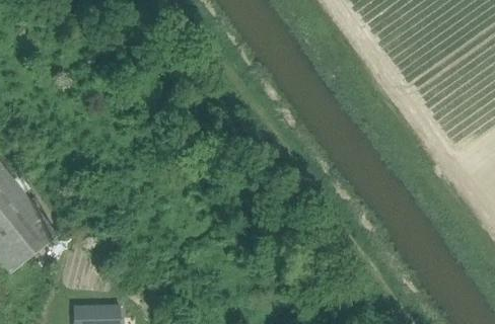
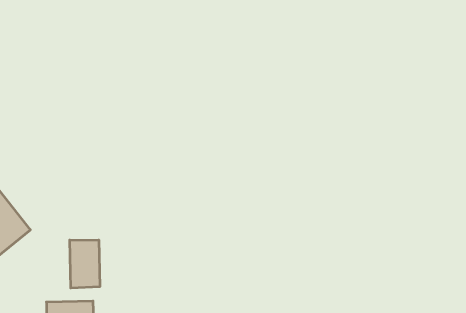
building: none -> [70,240,100,288]

